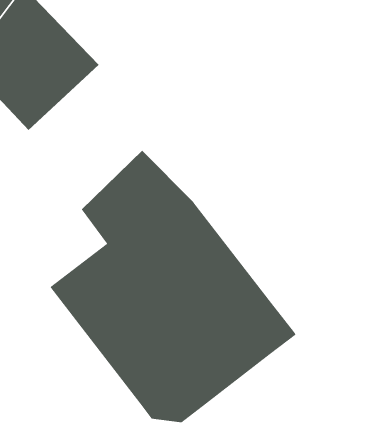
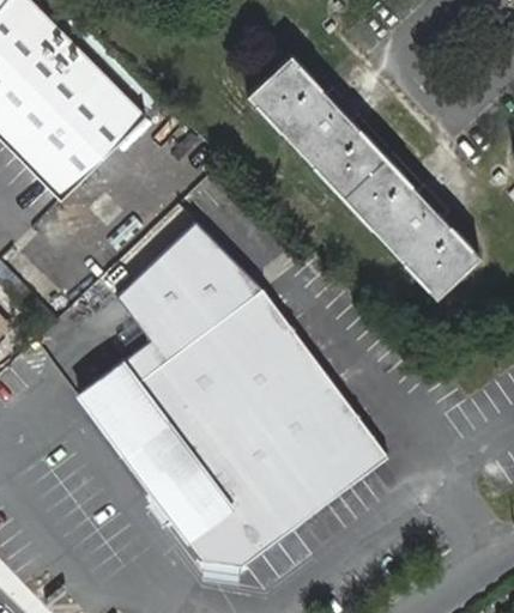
building: none -> [250,59,474,297]

